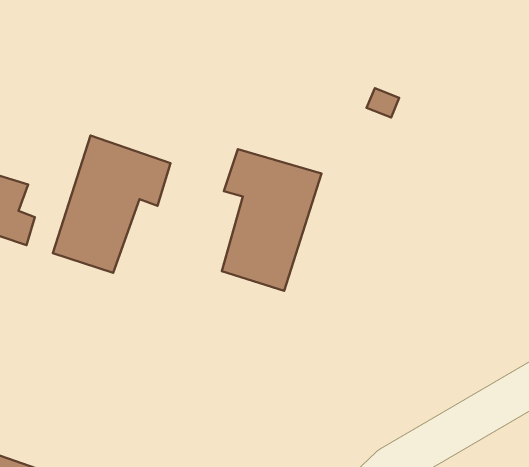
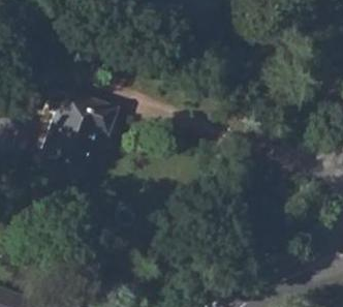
building: [222,149,322,291] -> none

